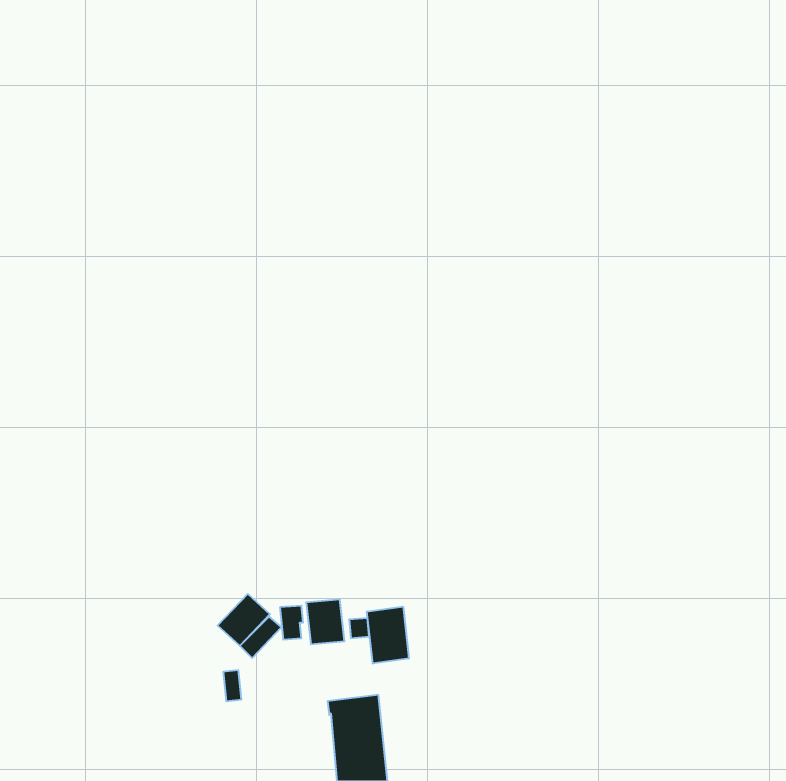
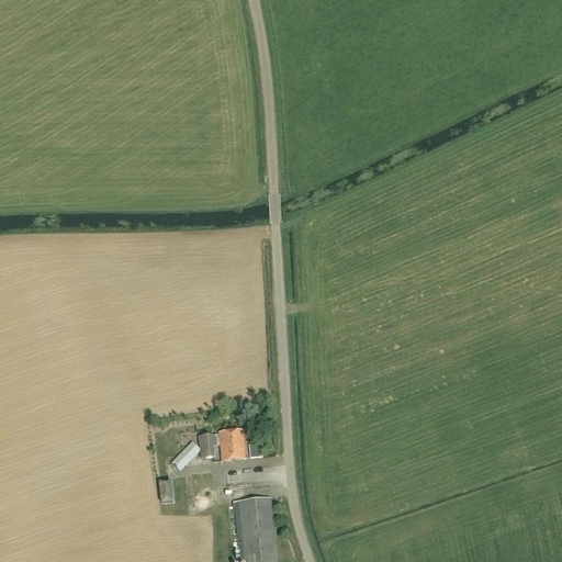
building: [218,594,270,646] -> none
building: [367,607,409,664] -> none

